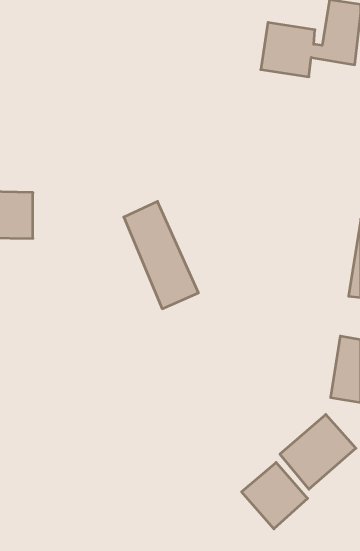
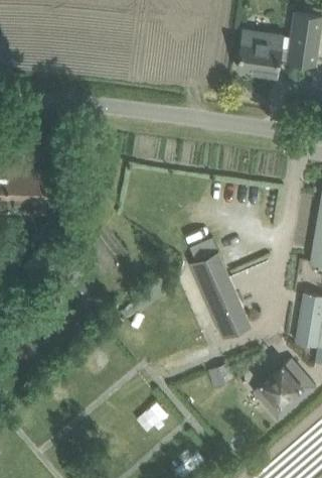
building: [124,201,198,309] -> [189,251,252,341]
building: [242,462,308,529] -> none

